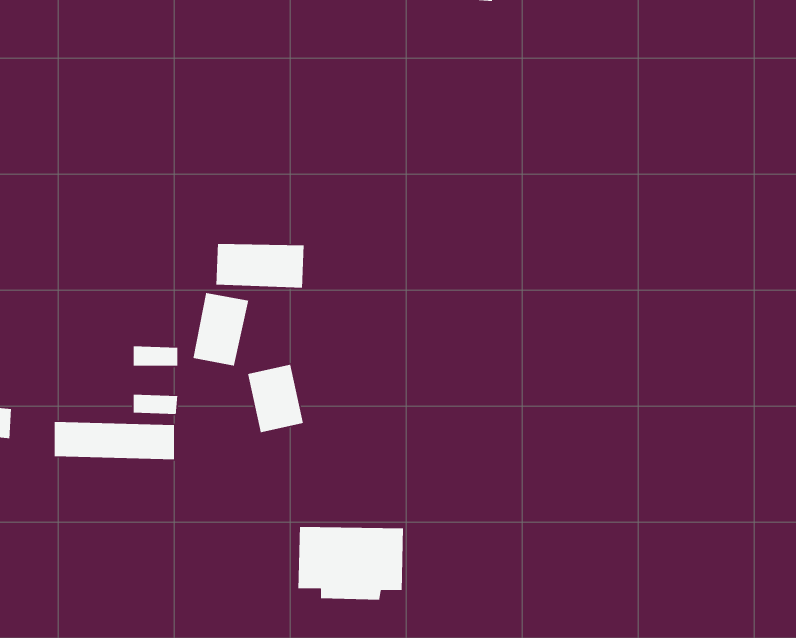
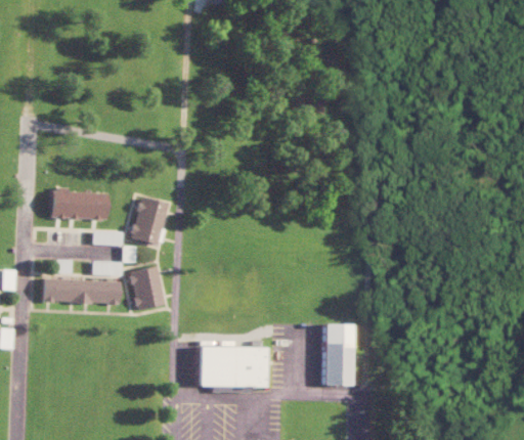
building: [216,243,304,288] -> [52,191,108,220]
building: [247,364,304,433] -> [130,266,166,310]
building: none -> [323,323,351,385]

